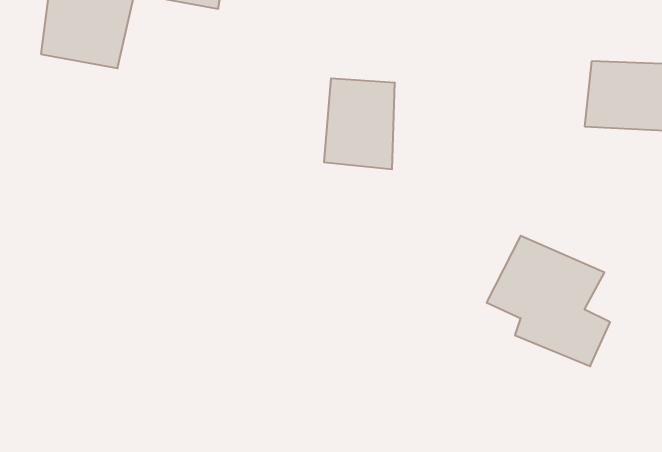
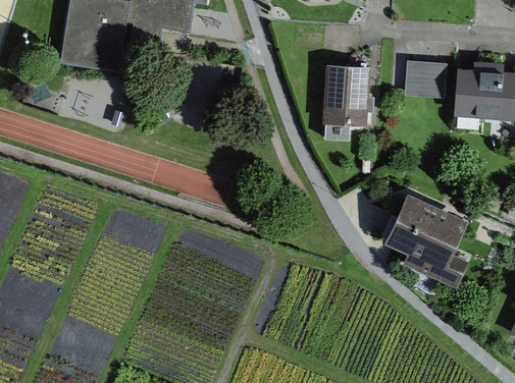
building: none -> [409,57,451,94]
building: [324,78,395,169] -> [321,63,372,128]

